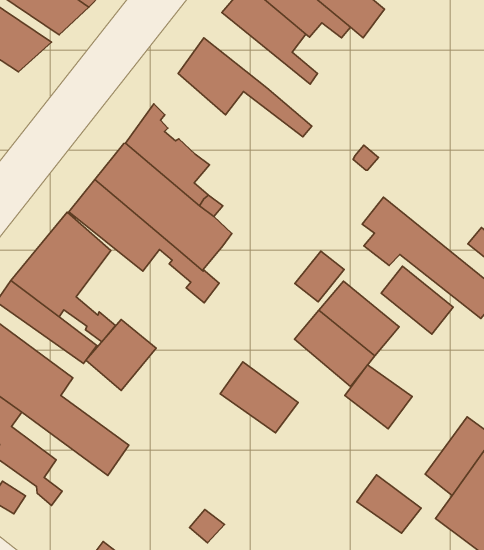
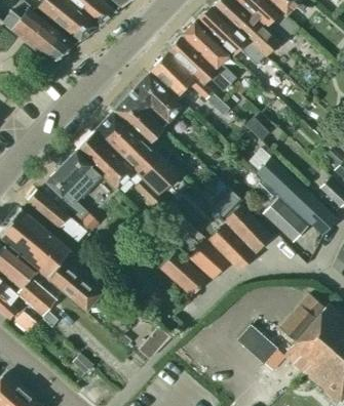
building: none -> [168,36,231,90]
building: none -> [135,73,183,128]
building: [86,320,156,390] -> none
building: [345,365,412,429] -> [189,239,230,279]

